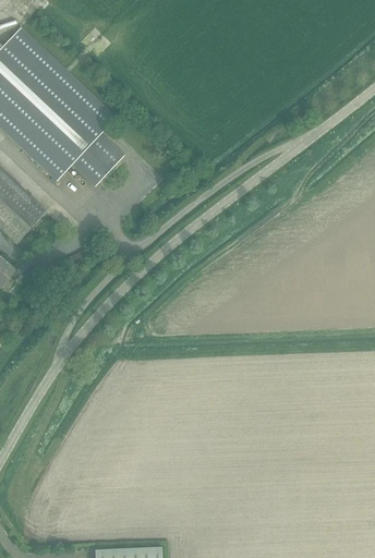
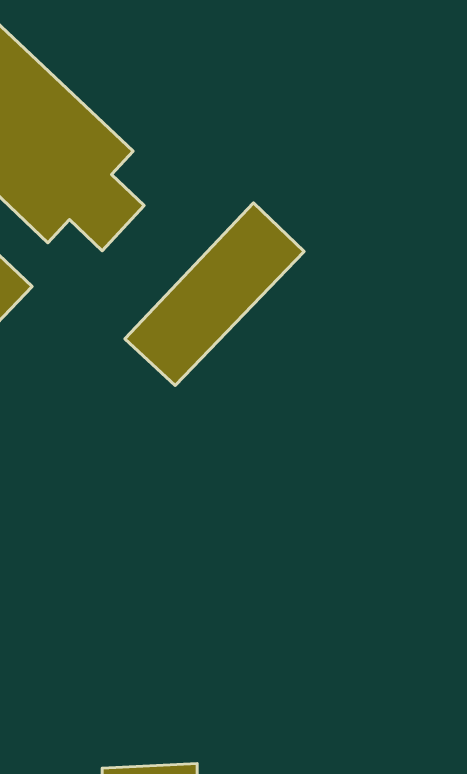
building: none -> [125,203,304,385]

